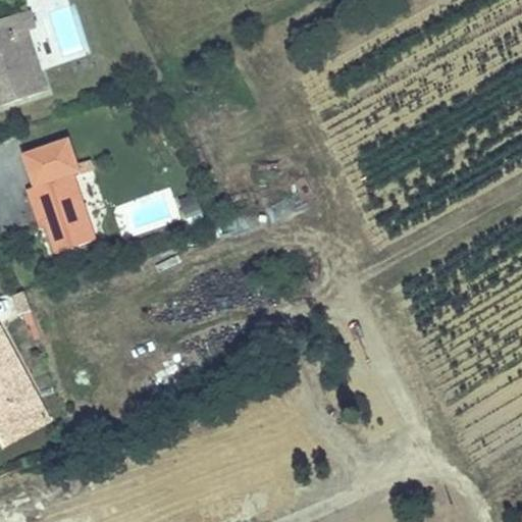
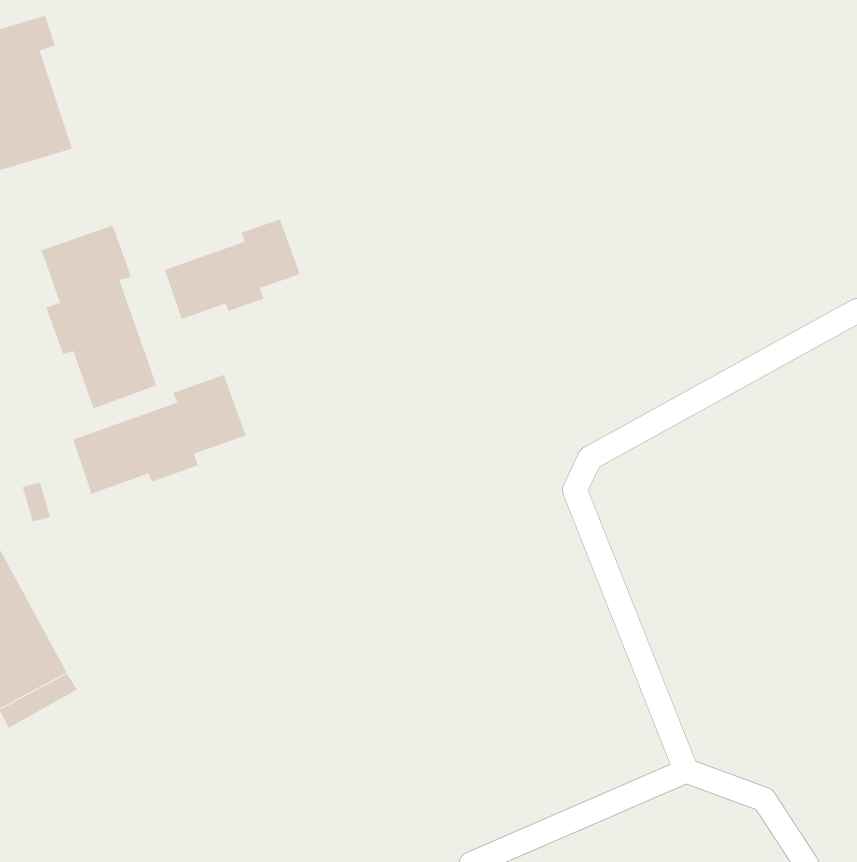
building: none -> [164,218,300,320]
building: none -> [73,374,247,494]

